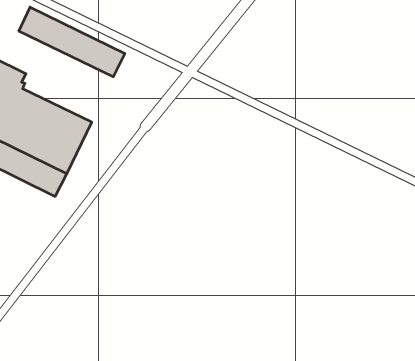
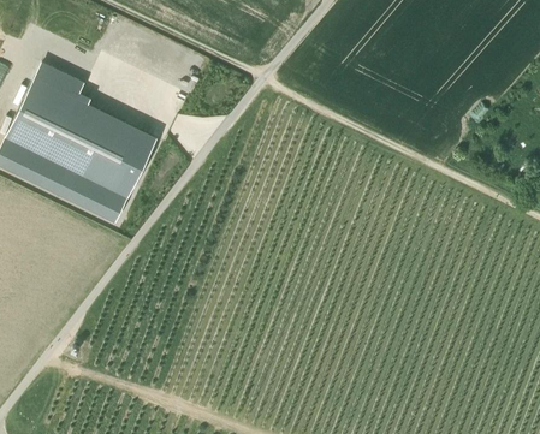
building: [19,7,125,77] -> none

